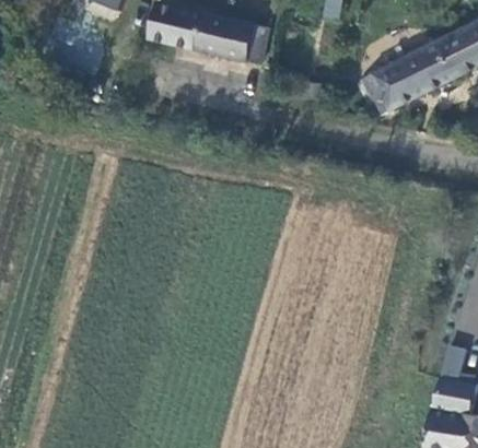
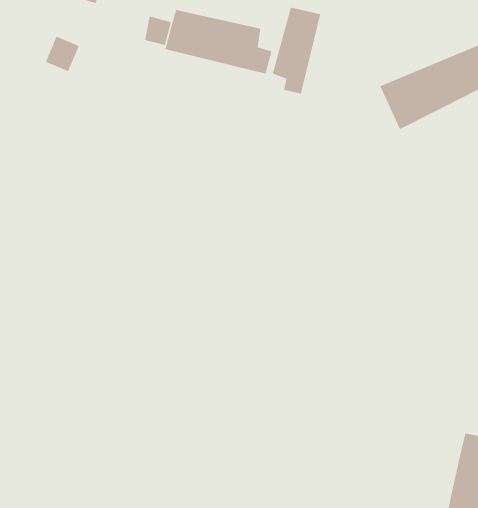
building: none -> [272,7,321,94]

